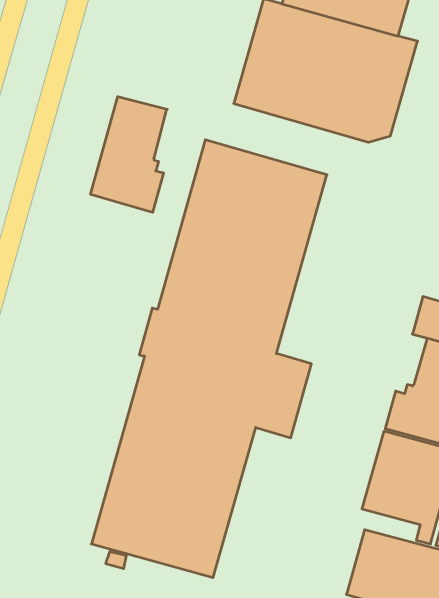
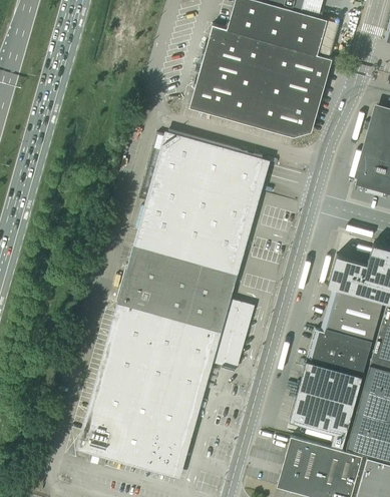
building: [91,97,167,212] -> none

